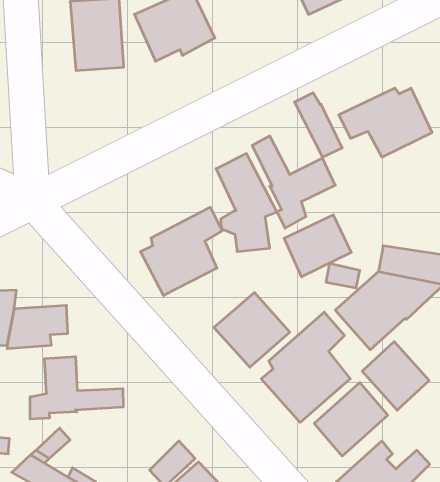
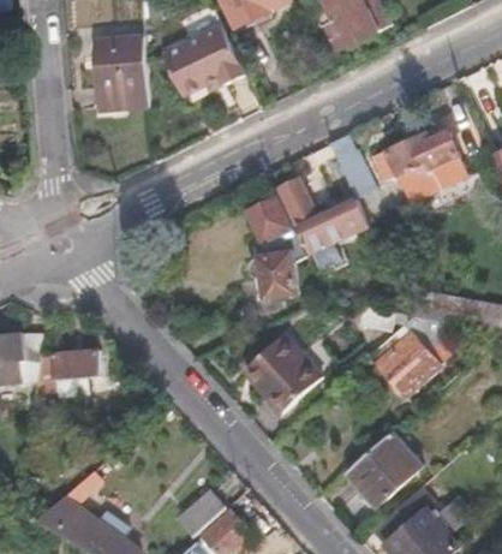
building: [140,207,222,296] -> none
building: [284,215,351,277] -> none
building: [261,312,350,422] -> none
building: [362,342,429,410] -> none
building: [30,357,123,419] -> none

